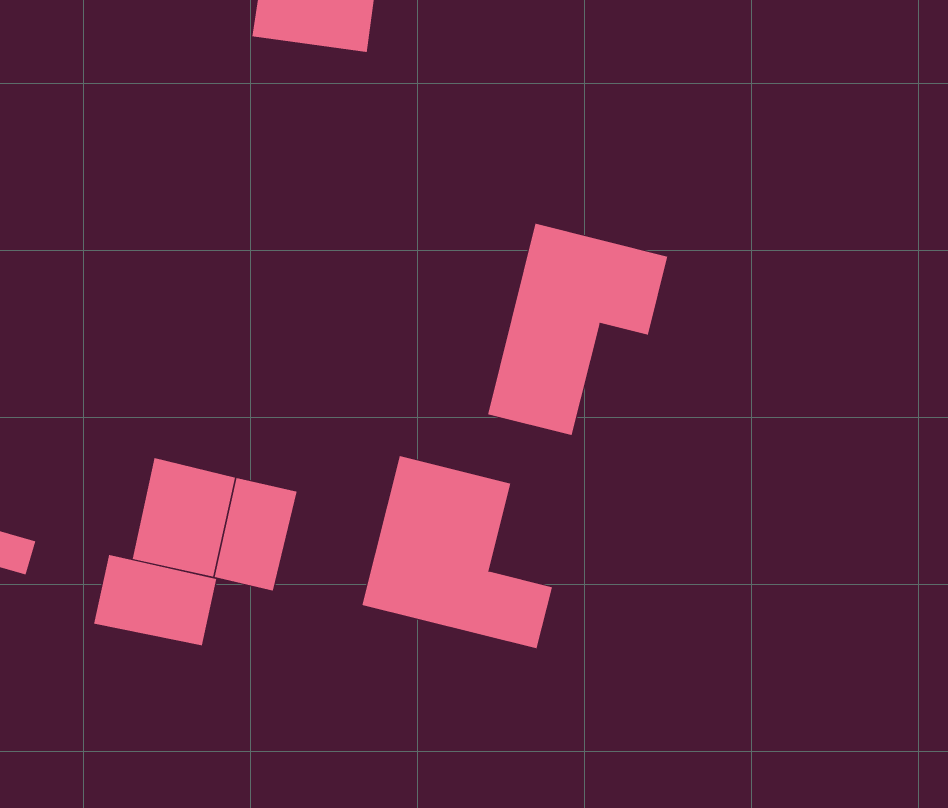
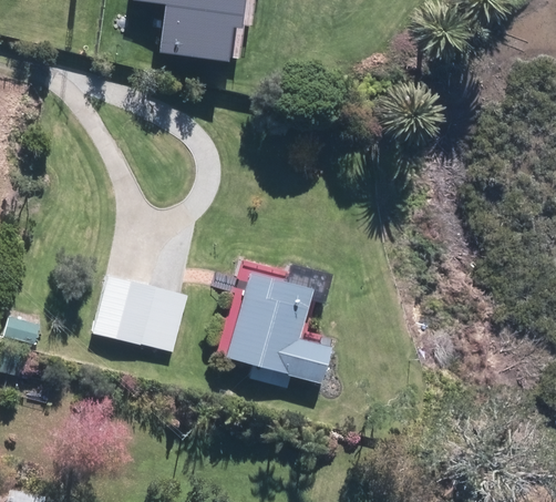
building: [488,223,668,436] -> none
building: [94,554,217,646] -> none

